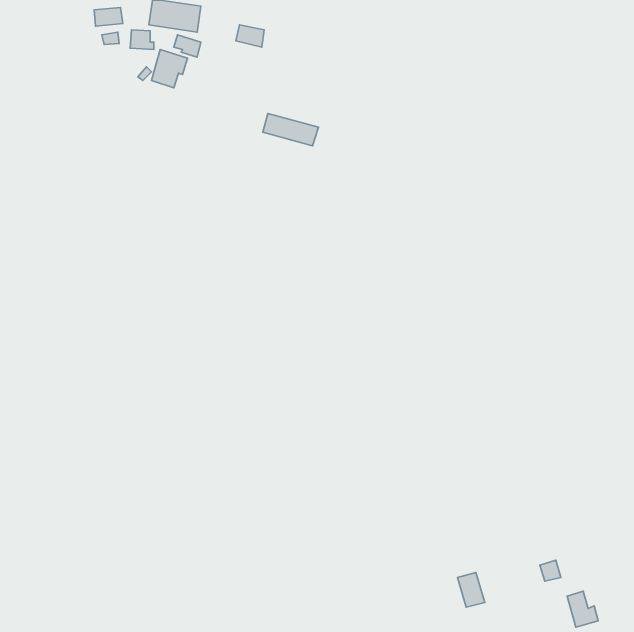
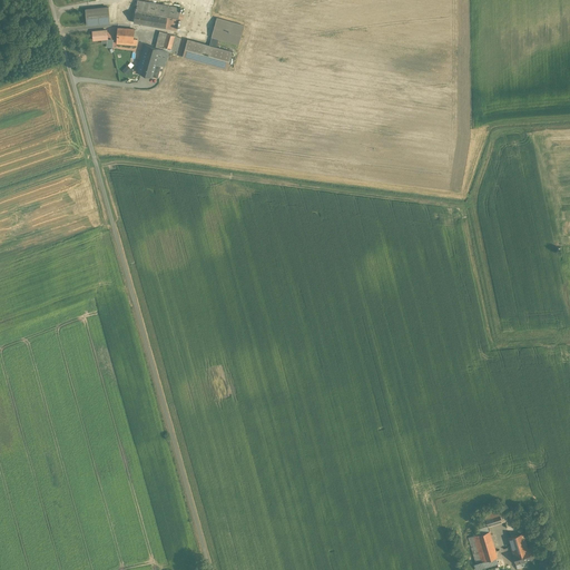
building: [263,114,319,146] -> [183,41,233,70]
building: [457,573,485,607] -> [473,529,498,560]

